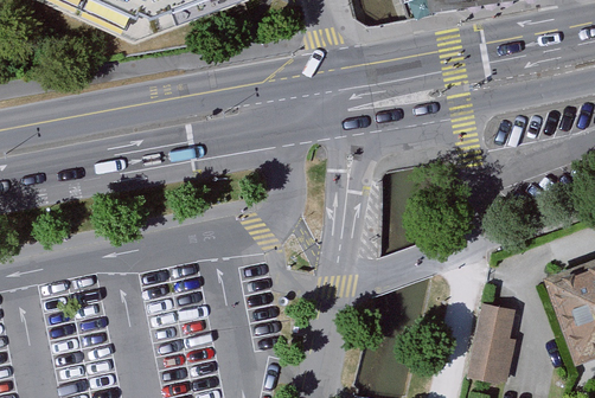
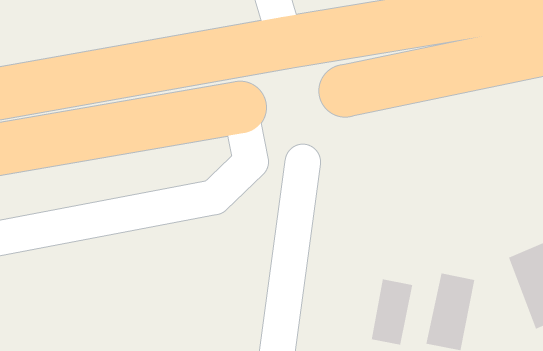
building: none -> [371,279,413,346]

